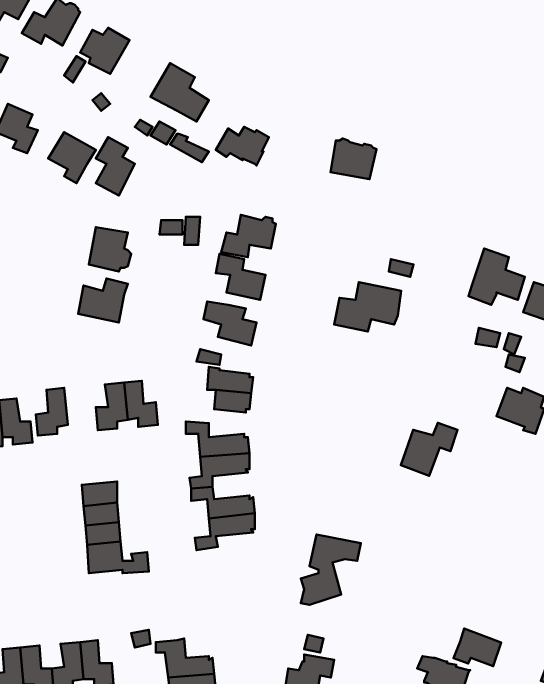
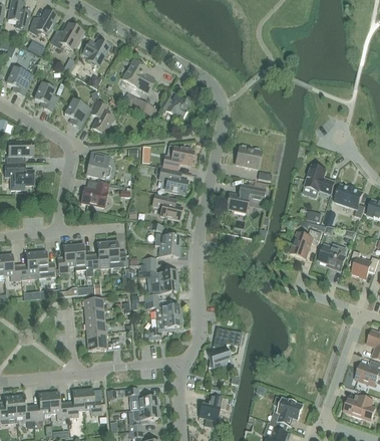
building: [331,139,376,179] -> [236,144,262,167]
building: none -> [73,242,93,275]
building: [401,423,457,476] -> [290,227,322,257]
building: [453,629,501,666] -> none

